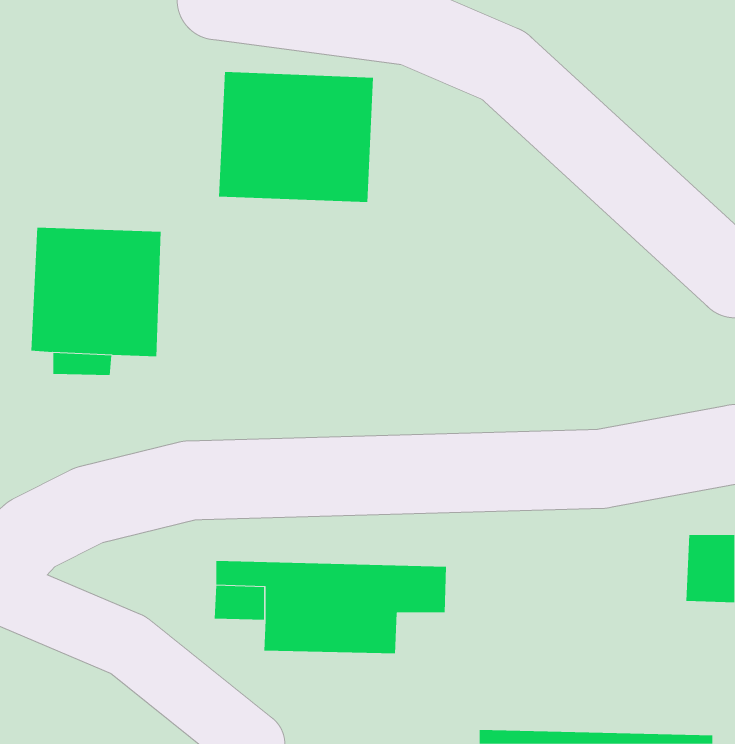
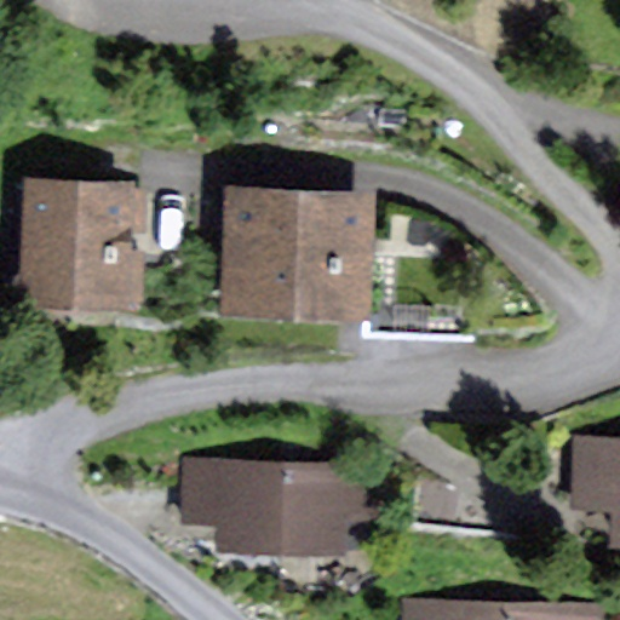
building: [218,72,374,203] -> [226,197,356,306]

